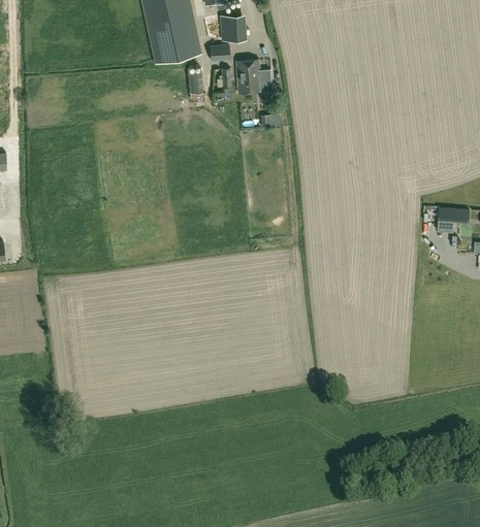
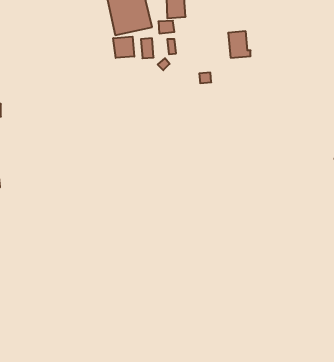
building: [235,60,264,94] -> [228,31,251,58]
building: none -> [113,37,134,58]

